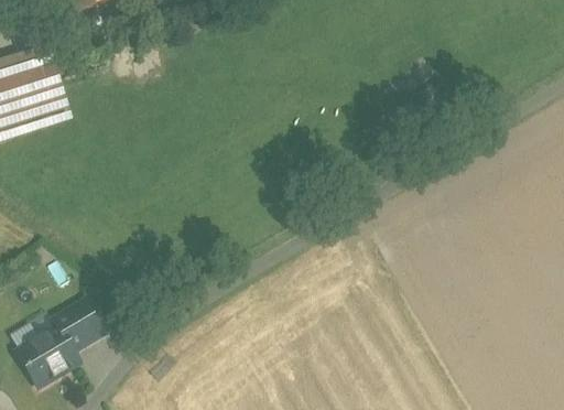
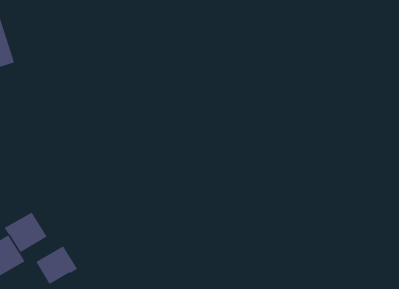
building: none -> [36,246,78,285]

